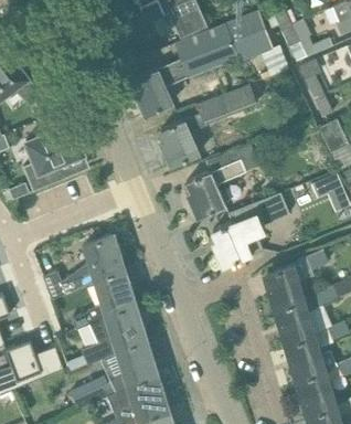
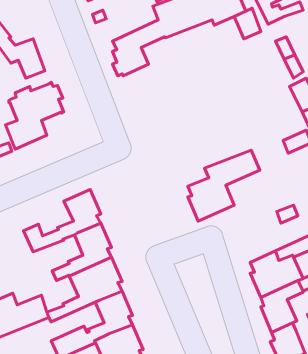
building: [160,81,266,167] -> none
building: [185,144,258,219] -> none
building: [266,266,304,310] -> none

